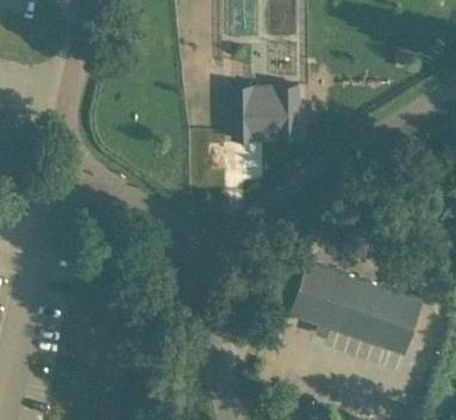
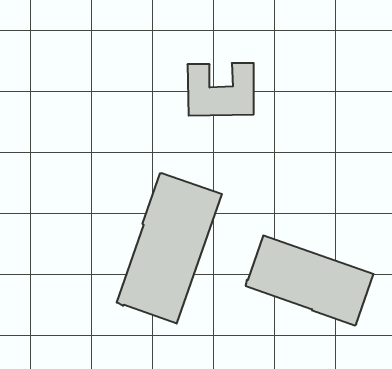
building: none -> [117,173,222,324]

